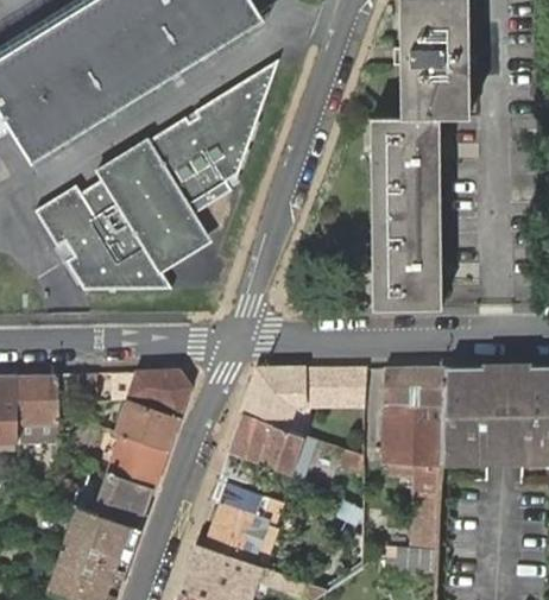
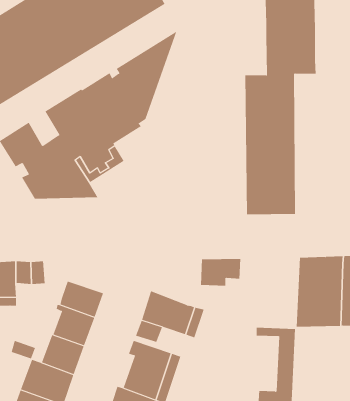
building: [380,368,444,466] -> none
building: [241,371,302,434] -> none
building: [130,372,188,412] -> none

